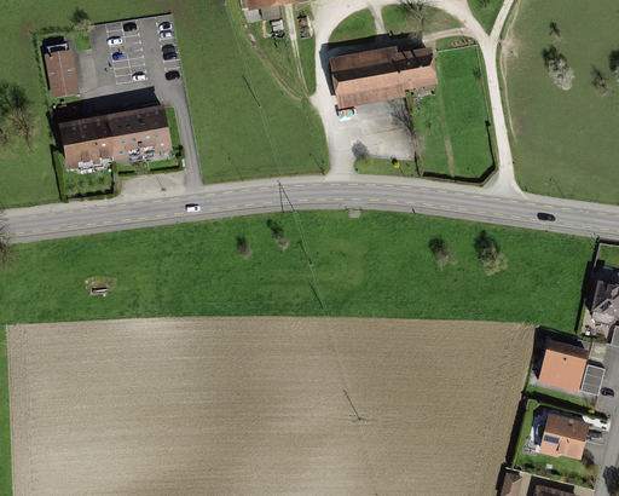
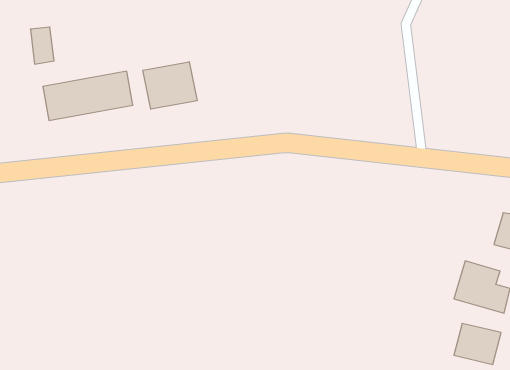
building: [326,51,432,106] -> none
building: none -> [143,62,197,109]

